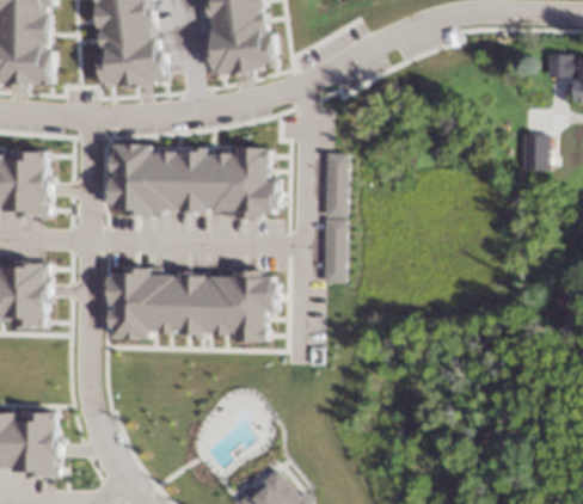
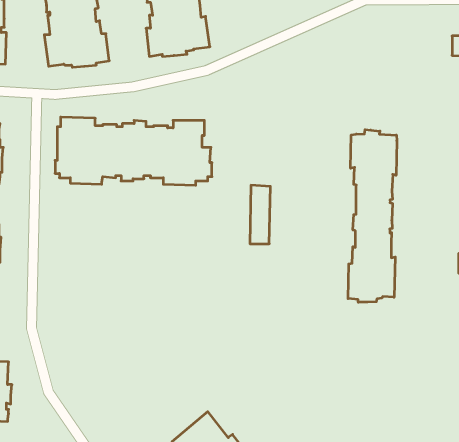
building: [518,135,546,171] -> none
building: [323,153,345,217] -> none
building: none -> [348,130,397,302]
building: [104,268,277,343] -> none

